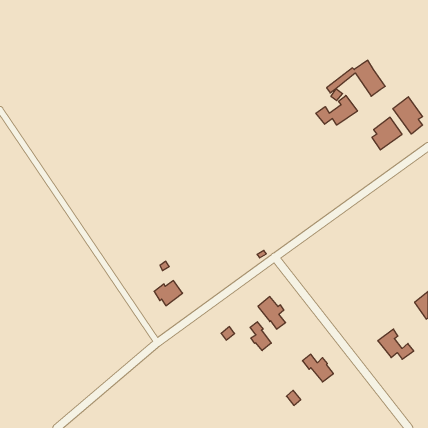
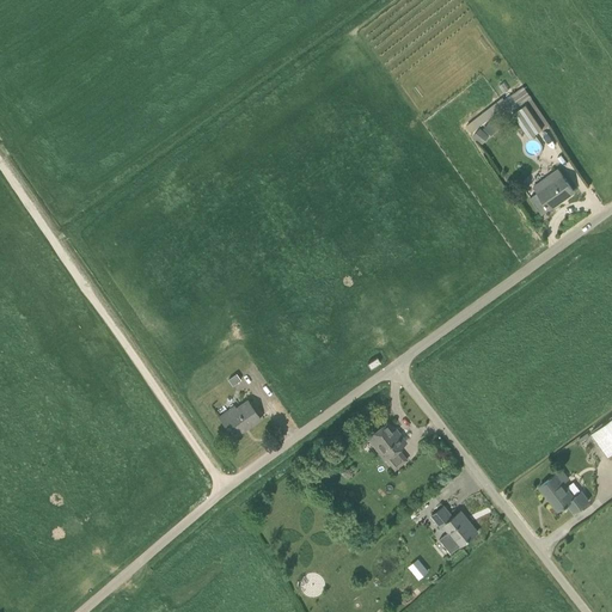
building: [316,95,357,125] -> none
building: [393,97,423,134] -> none
building: [250,322,271,351] -> none

